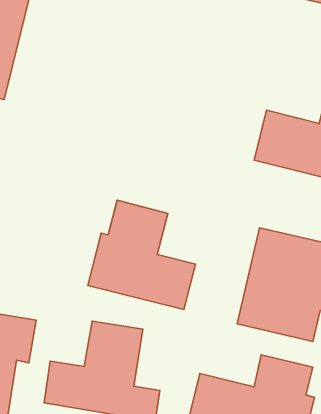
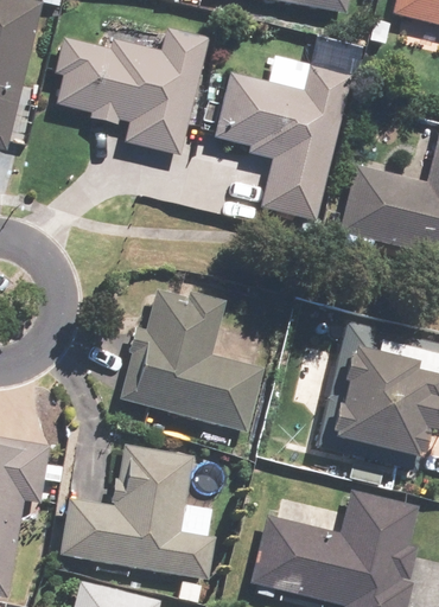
building: none -> [52,28,206,155]
building: none -> [214,66,349,222]

